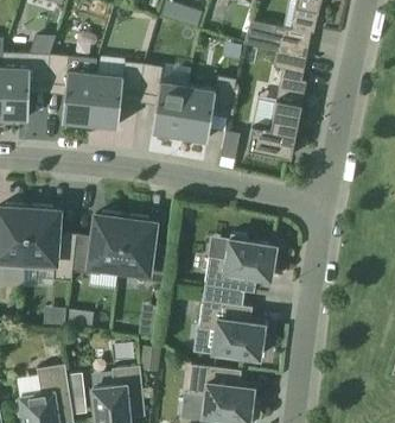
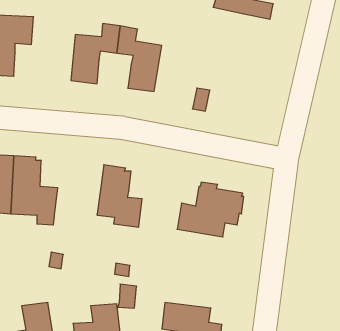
building: [247,52,305,159] -> none
building: [46,56,94,125] -> none
building: [179,77,235,141] -> none
building: [71,213,125,276] -> none
building: [198,302,265,360] -> none

